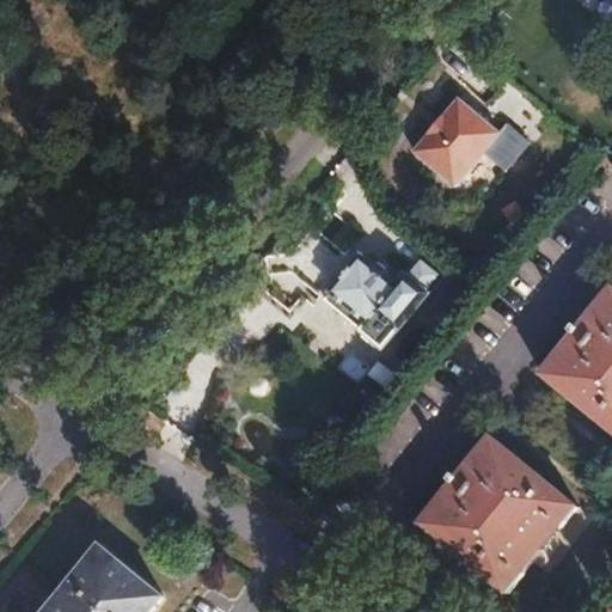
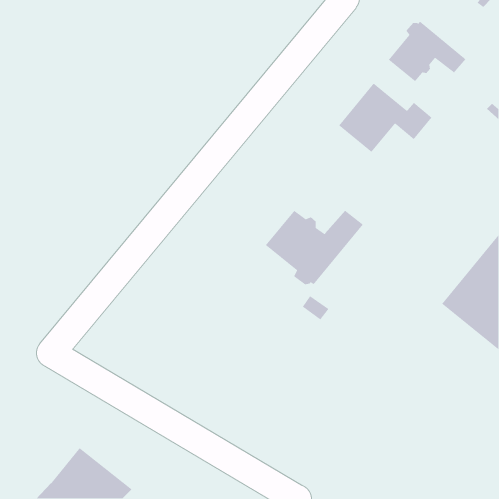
building: none -> [388,21,467,82]
building: [417,434,577,592] -> none

